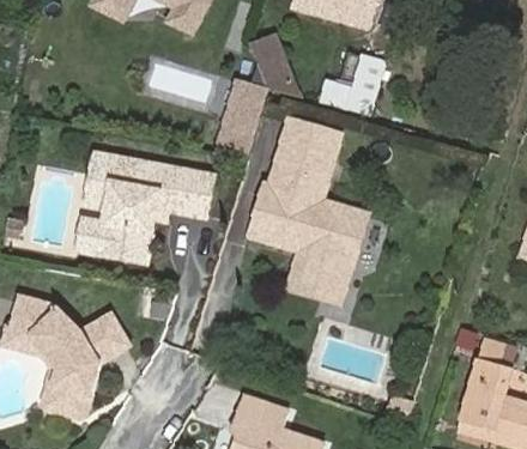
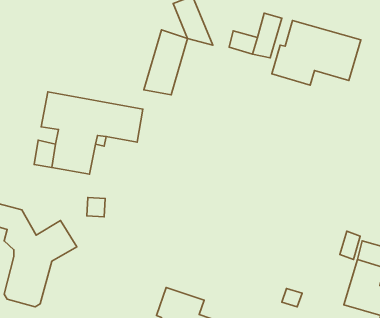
building: none -> [272,20,361,85]
building: [252,122,362,298] -> none

